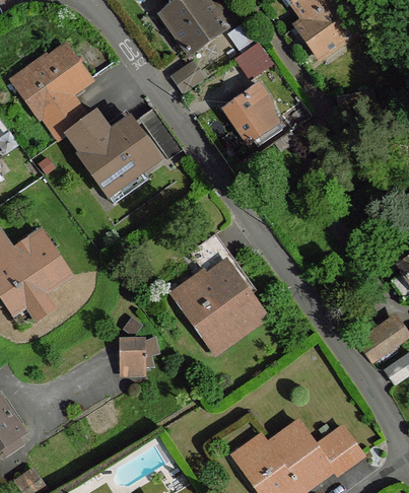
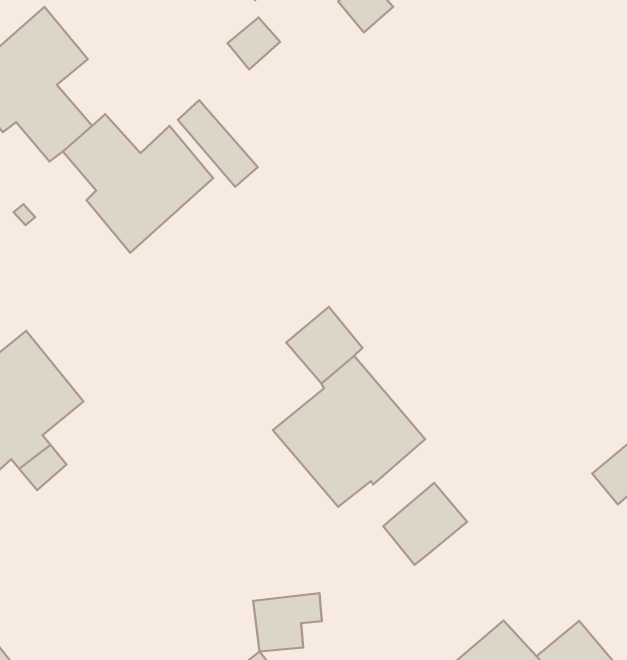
building: [223,84,274,142] -> none
building: [118,340,156,370] -> [253,593,322,651]
building: none -> [383,483,467,565]

